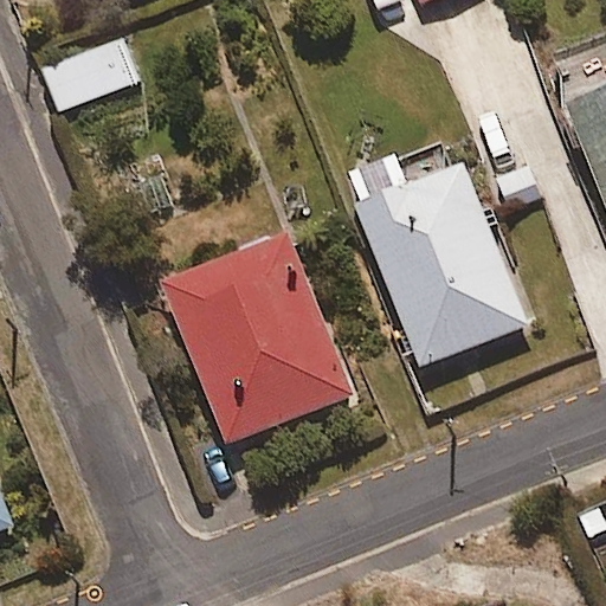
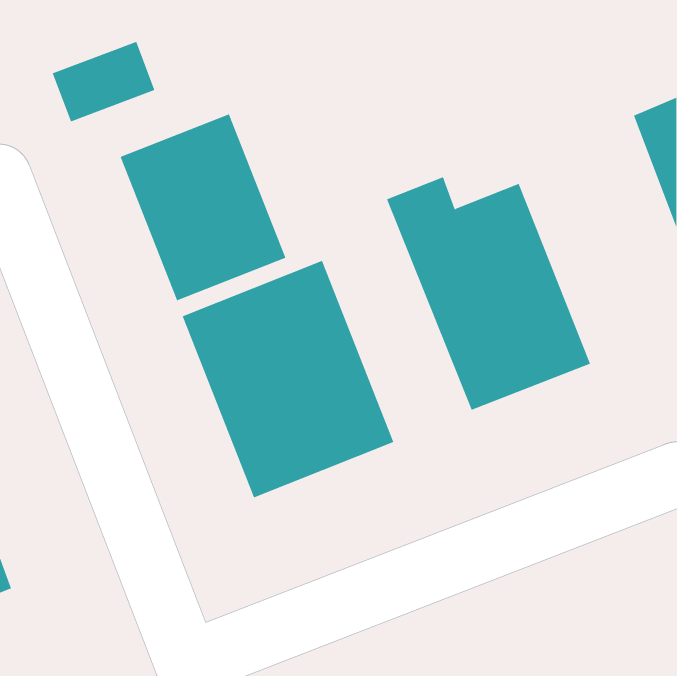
building: none -> [120,114,286,301]

